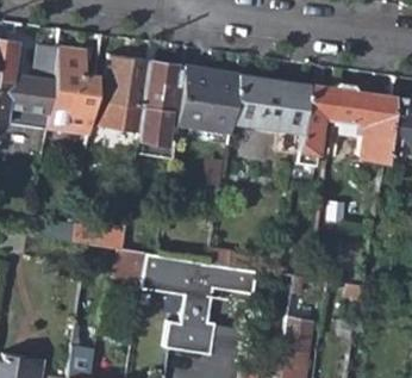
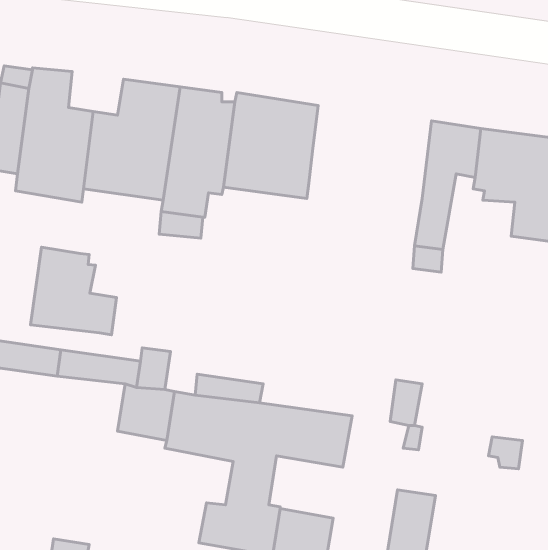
building: [233,74,311,132] -> none
building: none -> [30,247,117,335]

